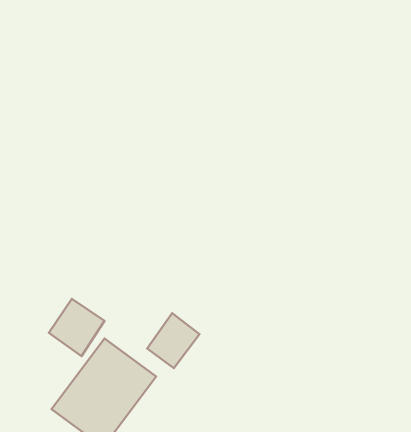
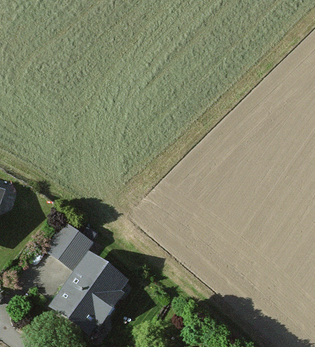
building: [147,313,199,368] -> none

